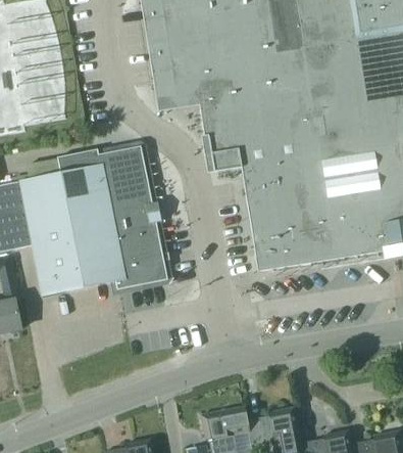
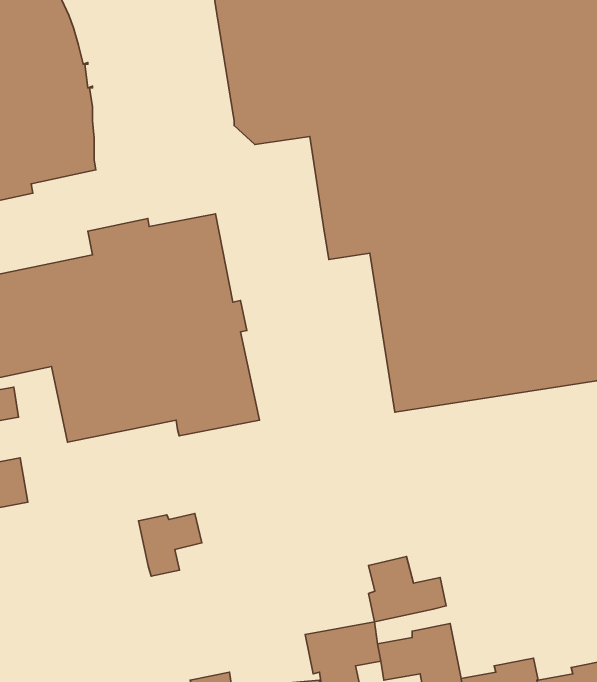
building: none -> [138,513,202,576]
building: none -> [368,557,446,622]

